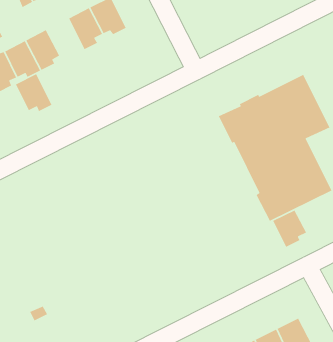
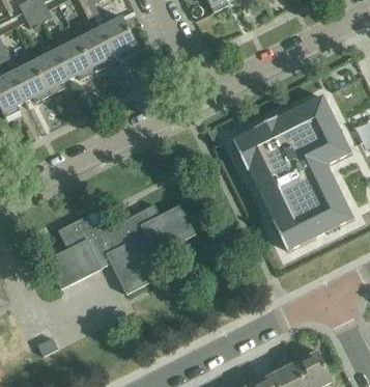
building: [15,73,53,112] -> [55,38,94,79]
building: none -> [46,203,196,293]
building: [272,209,307,248] -> none

